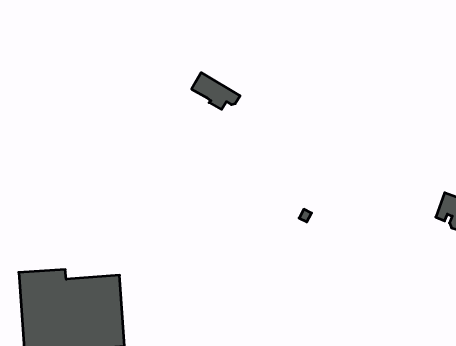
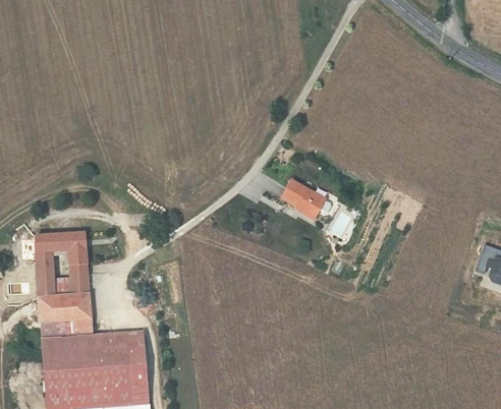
building: [192,73,240,109] -> [283,179,334,218]
building: none -> [37,239,89,327]

